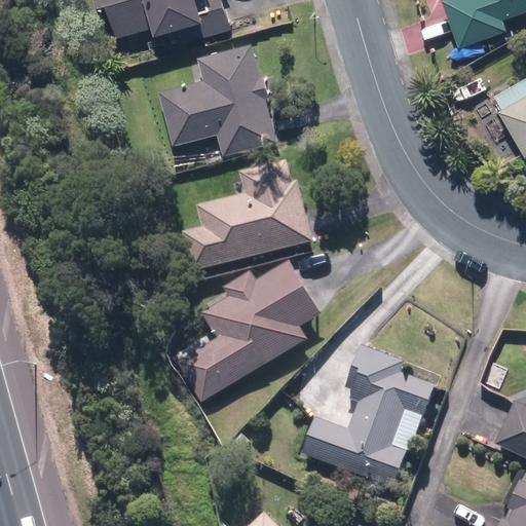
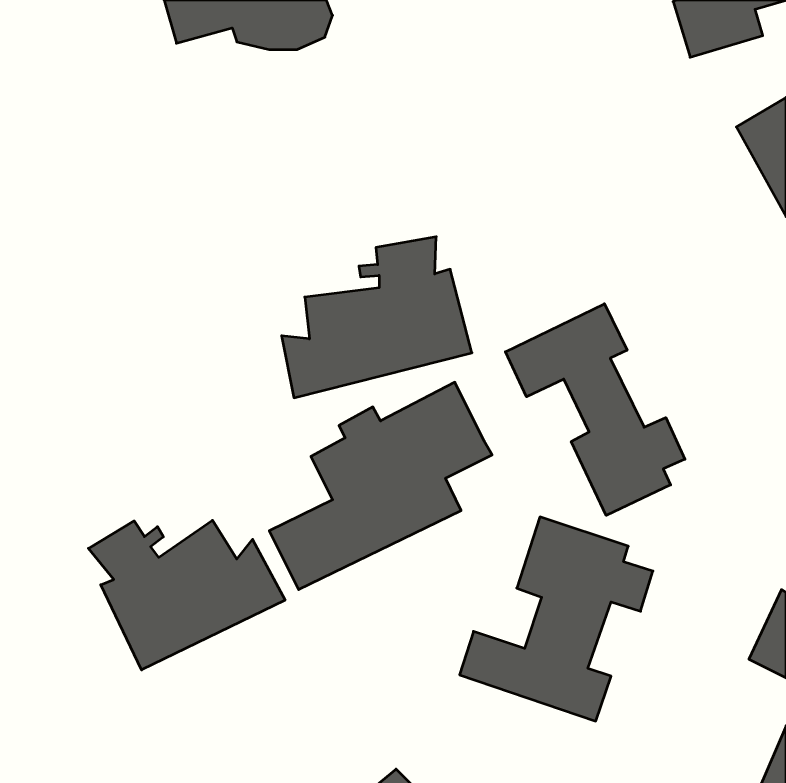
building: [159,47,273,151] -> none
building: none -> [505,304,685,515]
building: none -> [88,520,285,670]

